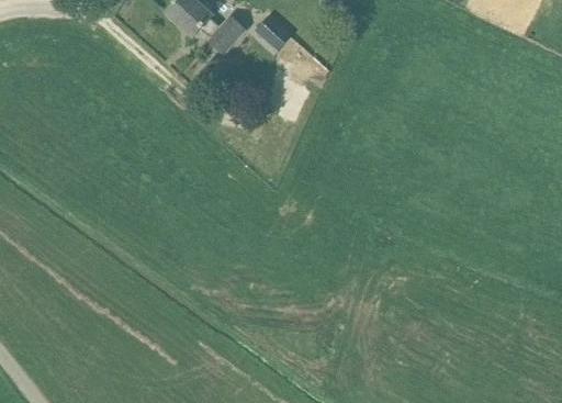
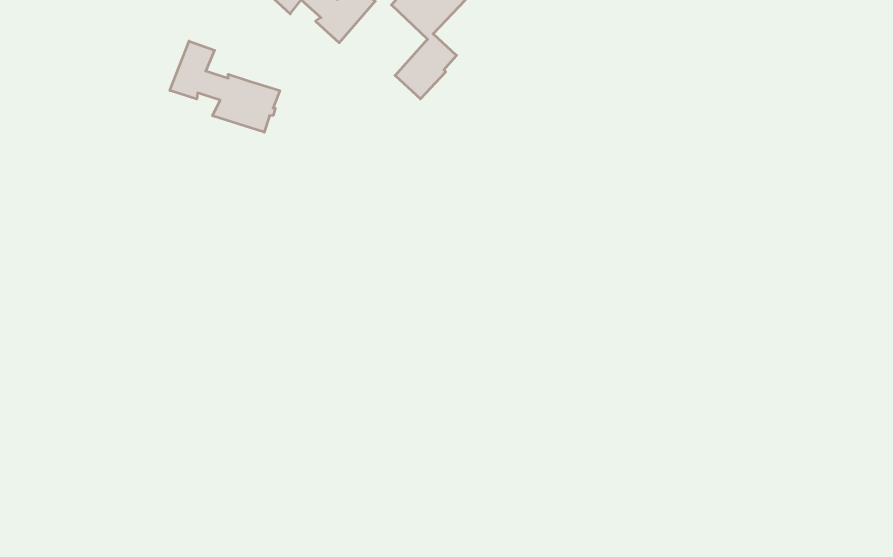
building: none -> [170,41,280,132]

